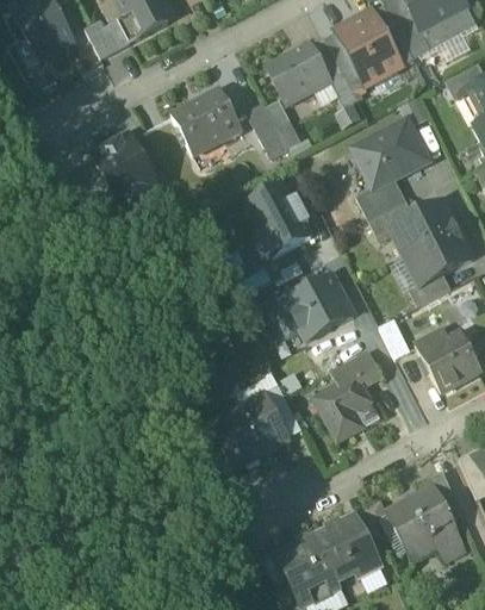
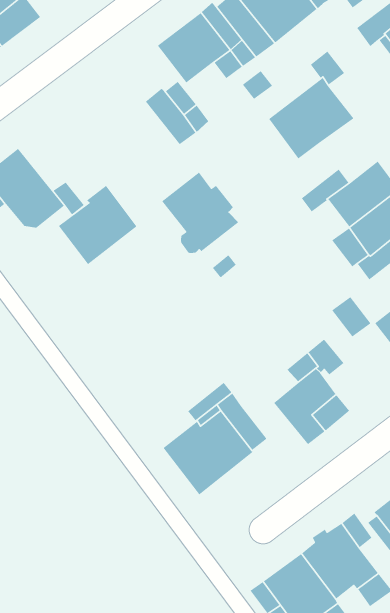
building: [172,86,242,154] -> [58,185,138,265]
building: [356,176,408,222] -> none
building: [285,274,354,340] -> none

